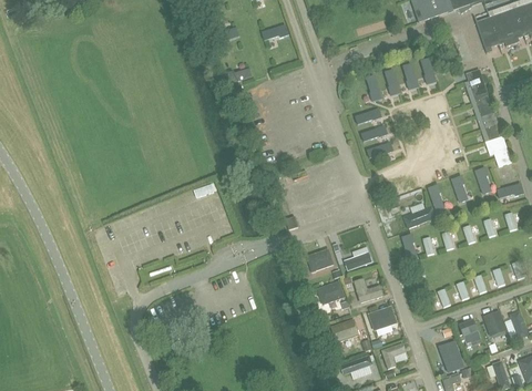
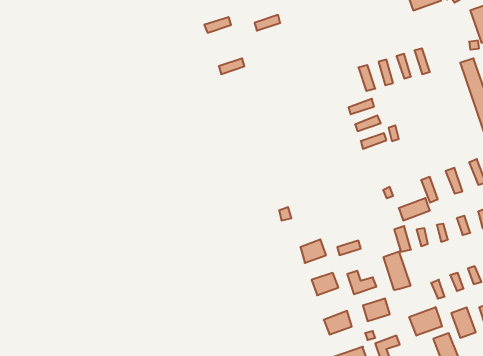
building: none -> [384,251,410,290]
building: none -> [409,307,442,336]

